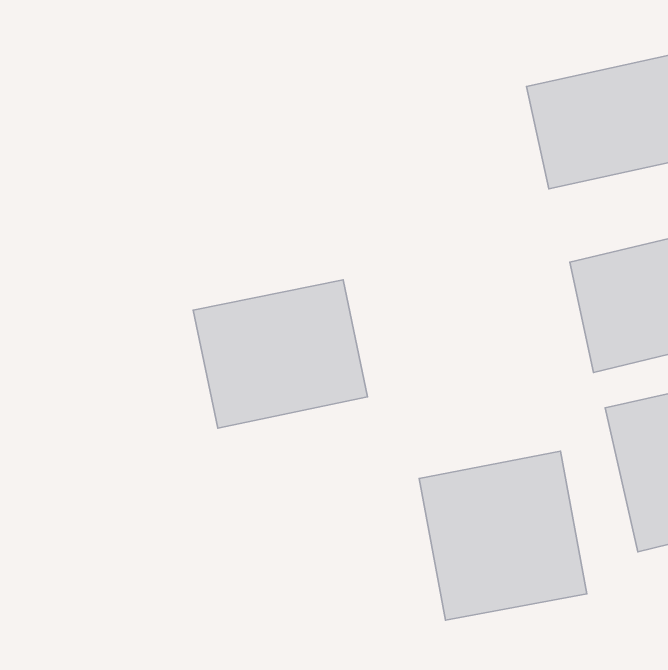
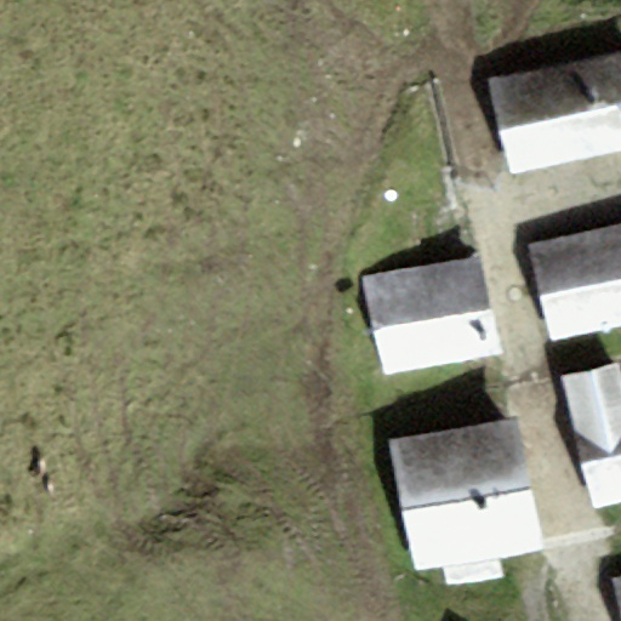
building: none -> [363,253,500,376]
building: [193,280,367,428] -> none

